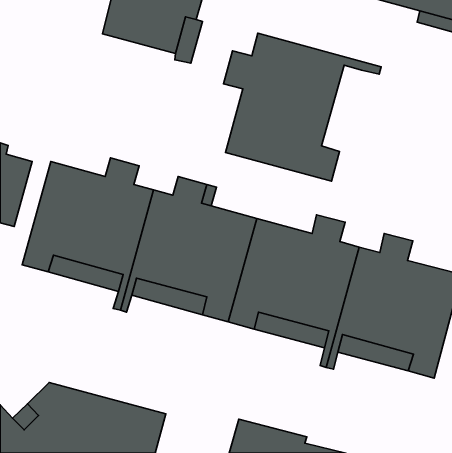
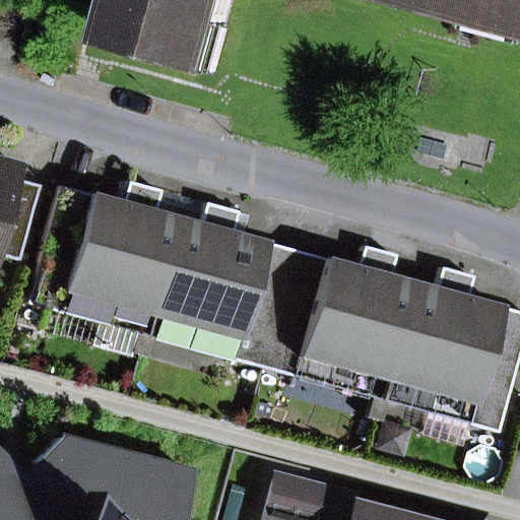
building: [224,33,381,181] -> none

